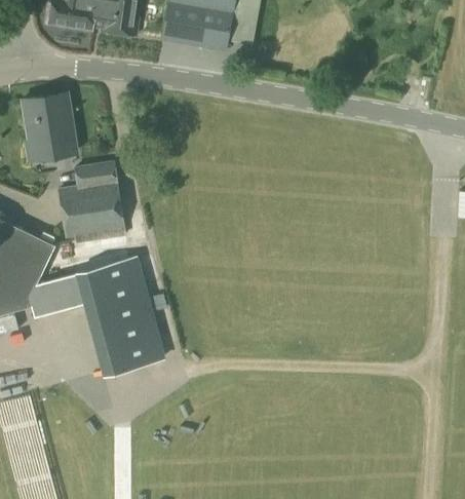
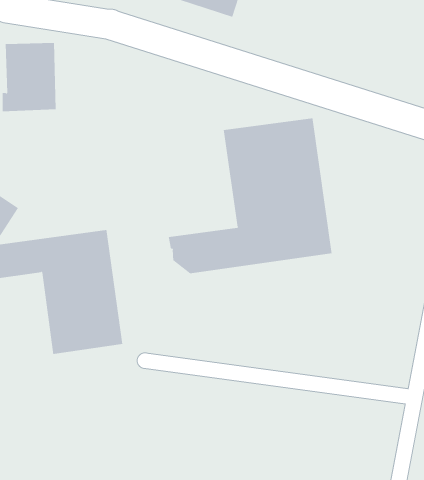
building: none -> [168,117,332,274]
building: [59,160,125,243] -> none

